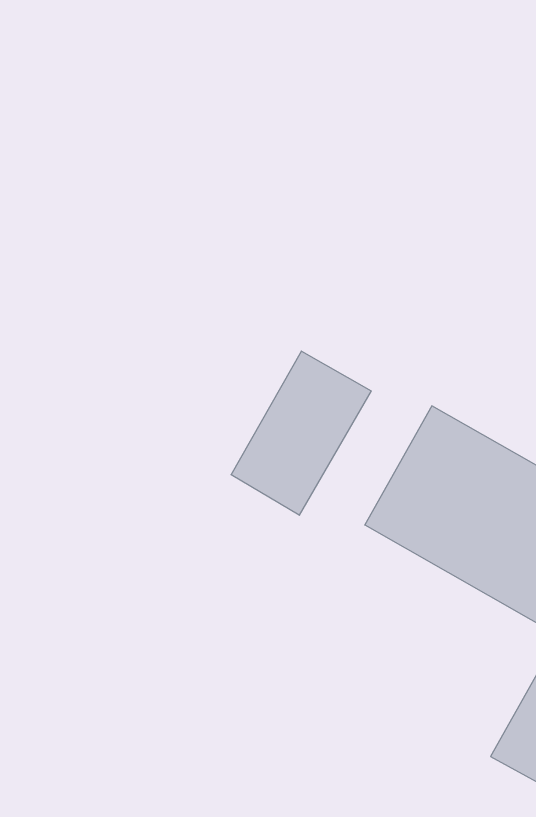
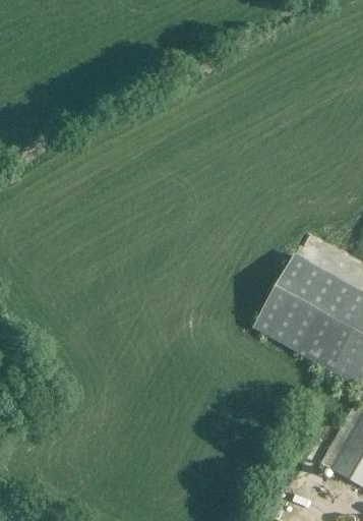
building: [231,351,371,515] -> none

